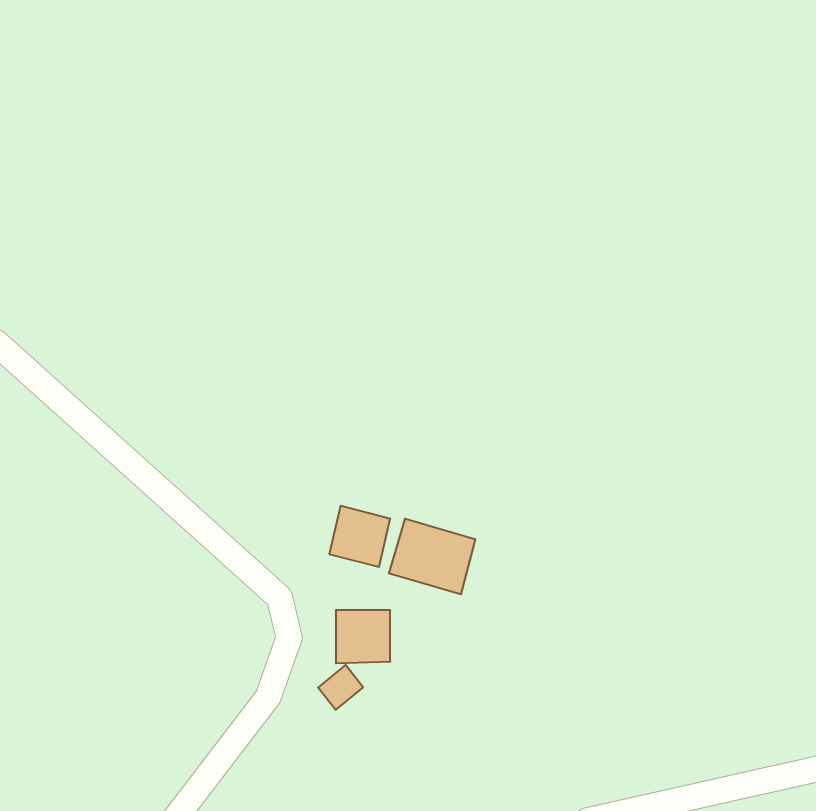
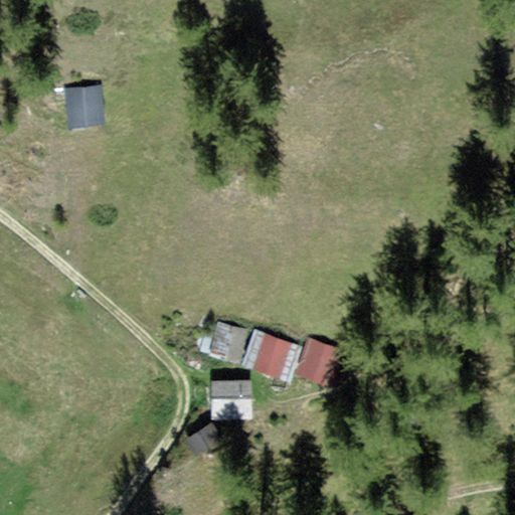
building: none -> [64,89,103,124]
building: none -> [295,337,343,383]

